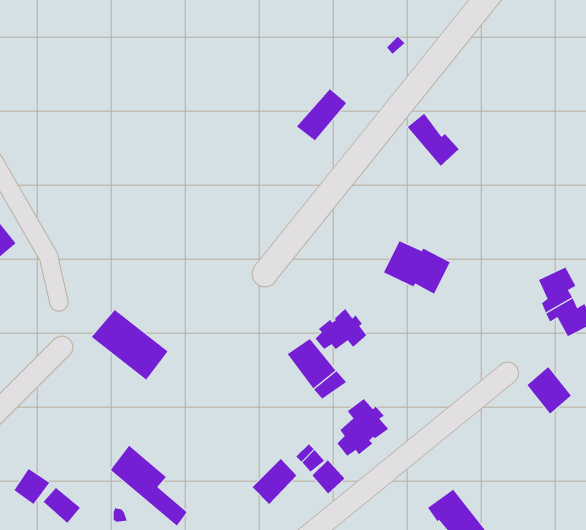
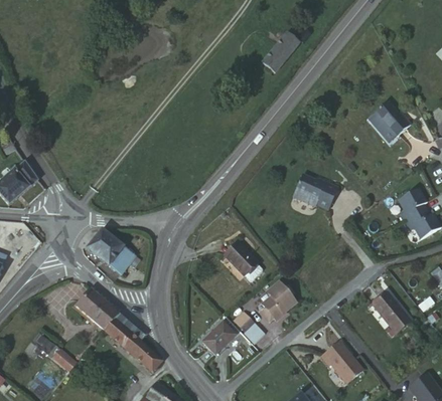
building: [296,89,347,141] -> [259,35,294,71]
building: [407,113,459,167] -> [372,101,408,138]
building: [315,308,367,350] -> none
building: [526,366,572,414] -> [375,292,406,326]
building: none -> [76,290,117,331]

